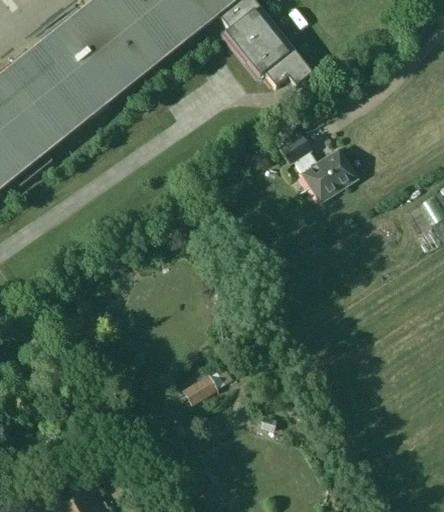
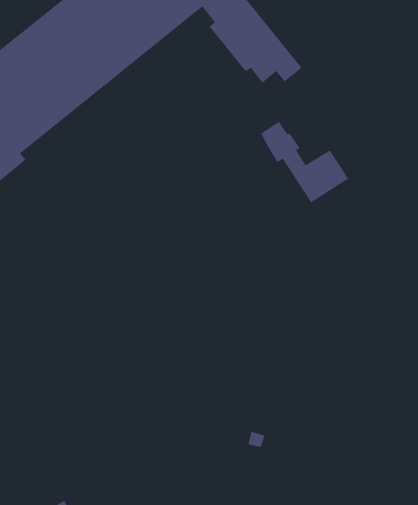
building: [181,372,217,403] -> none

